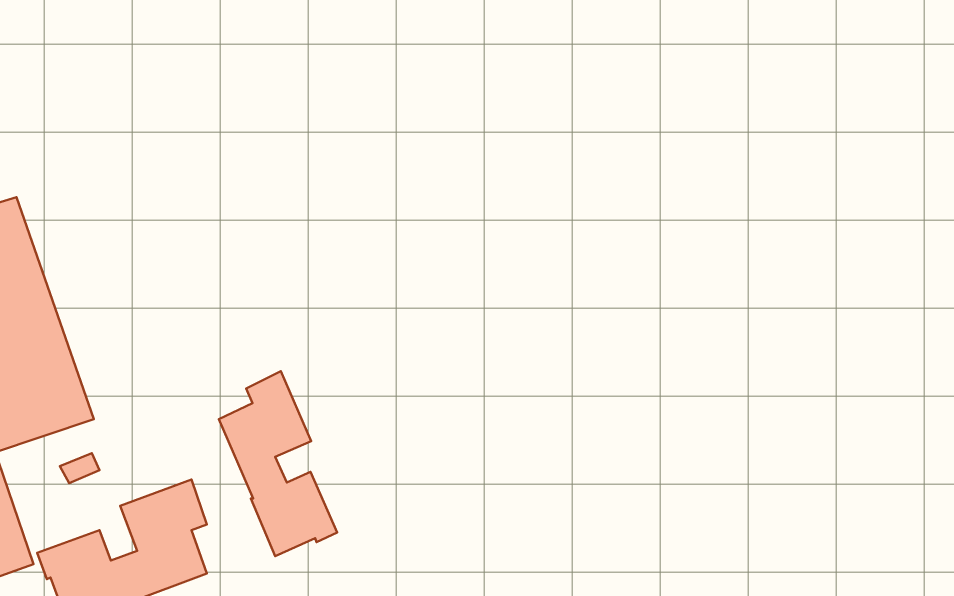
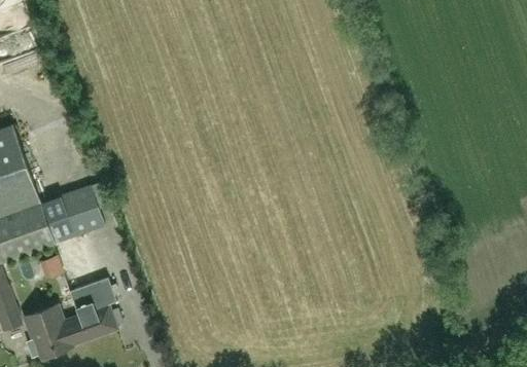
building: none -> [58,185,103,237]
building: [219,371,337,556] -> none

